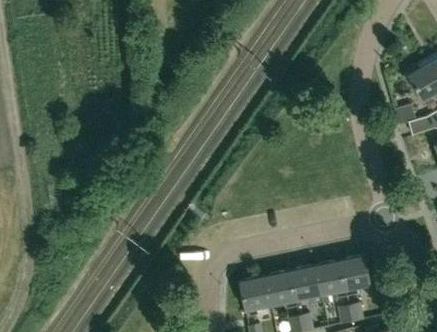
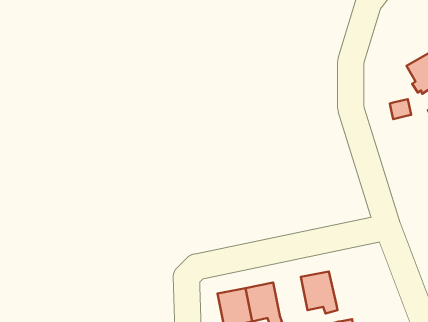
building: [340,256,372,296] -> none
building: [290,266,321,301] -> none

